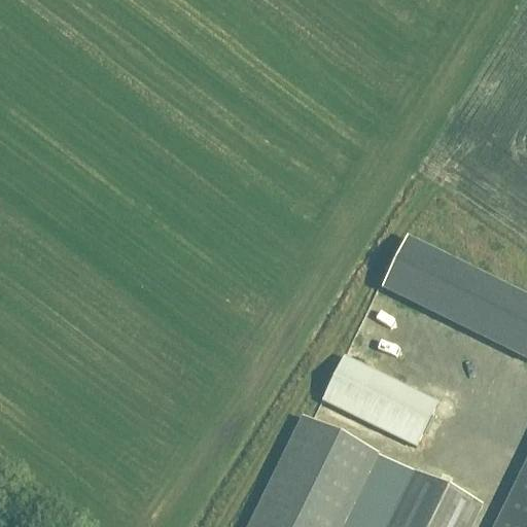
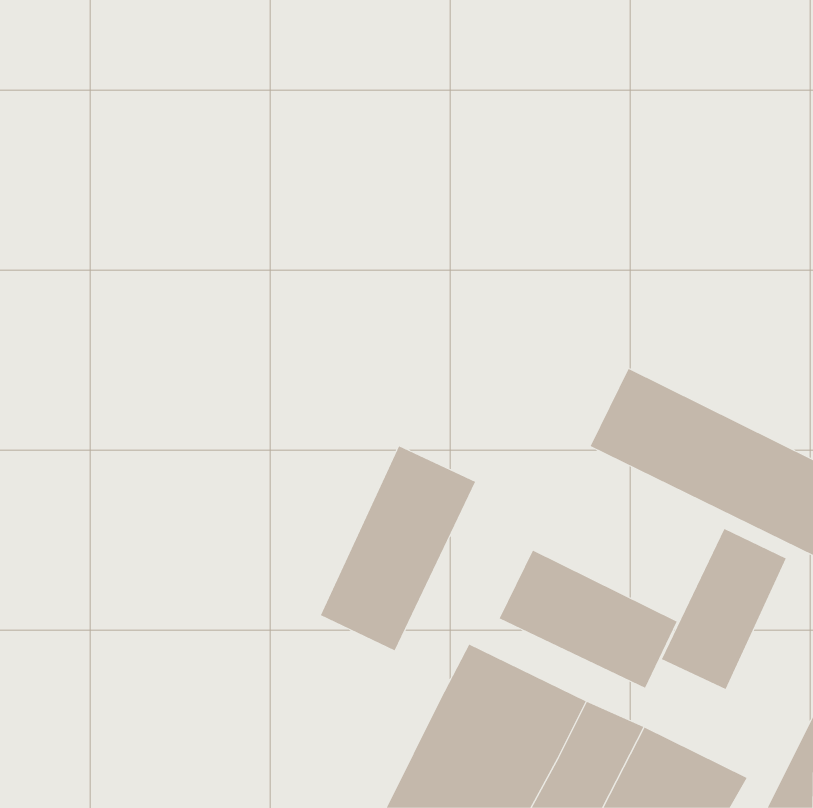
building: none -> [320,446,476,651]
building: none -> [661,528,786,690]

